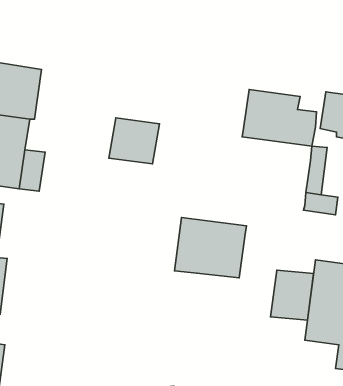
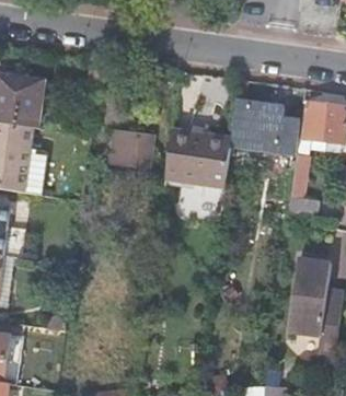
building: [174,217,246,278] -> [164,128,231,184]
building: [271,270,314,320] -> none

